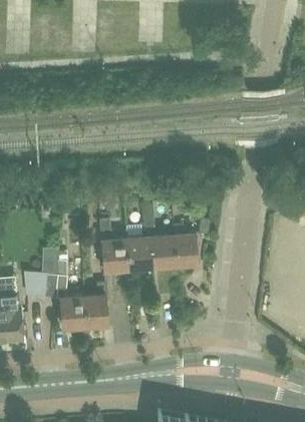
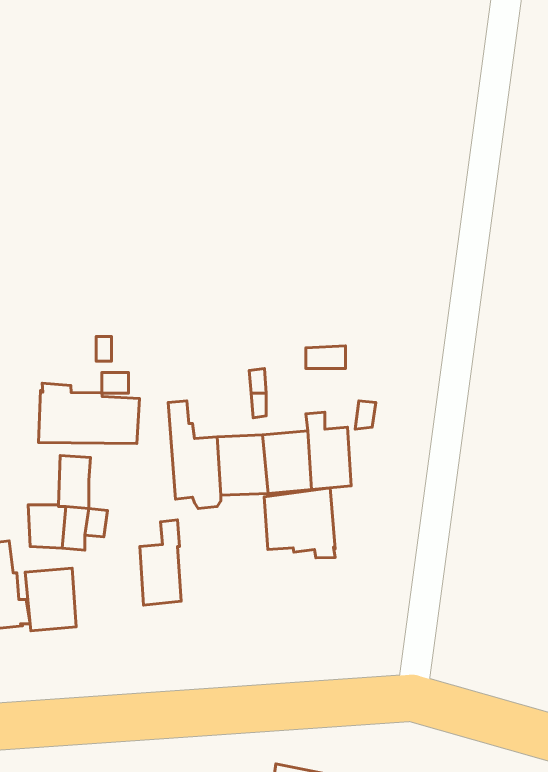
building: none -> [39,383,139,443]
building: none -> [264,488,335,558]
building: [60,299,87,332] -> [25,568,76,631]

